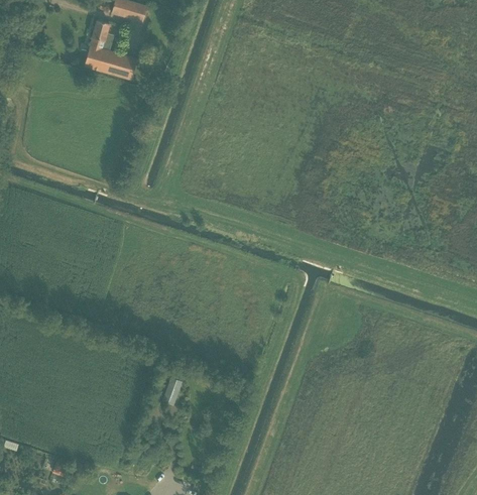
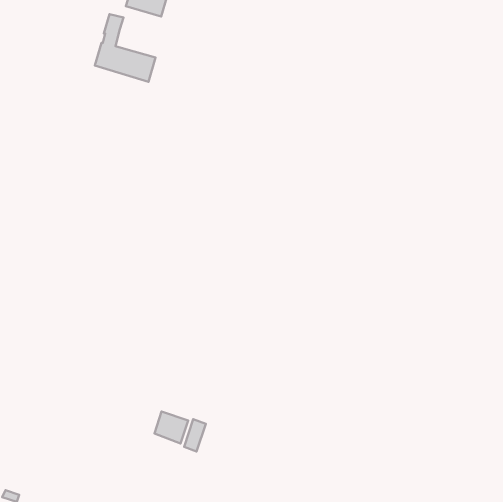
building: none -> [155,412,188,444]

